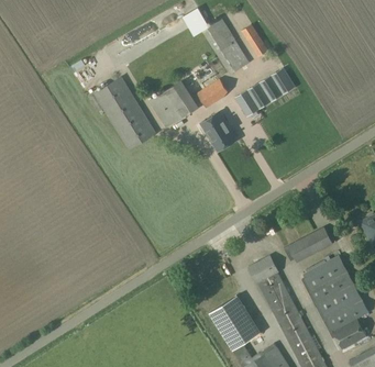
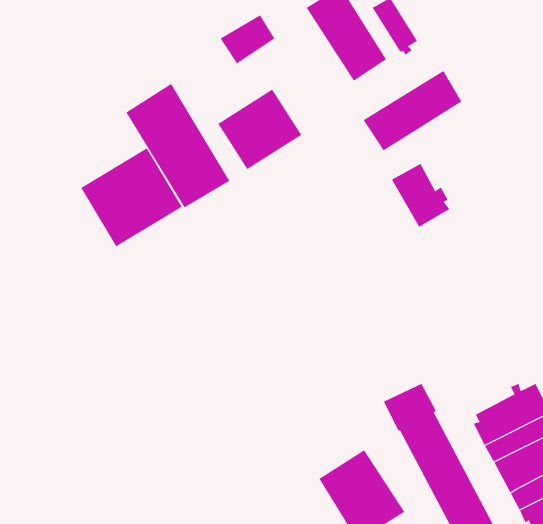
building: [197,78,230,108] -> [220,14,275,64]
building: [201,112,236,151] -> [391,163,450,227]
building: none -> [80,147,182,247]
building: [284,226,333,263] -> none

